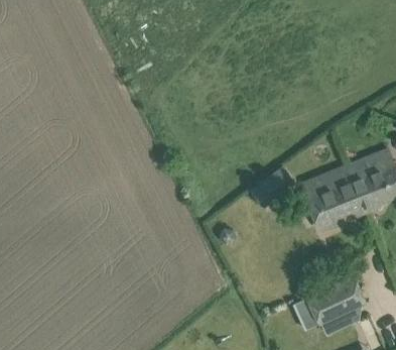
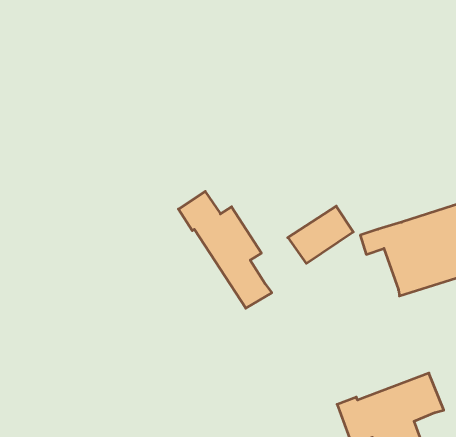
building: none -> [178,191,272,308]

